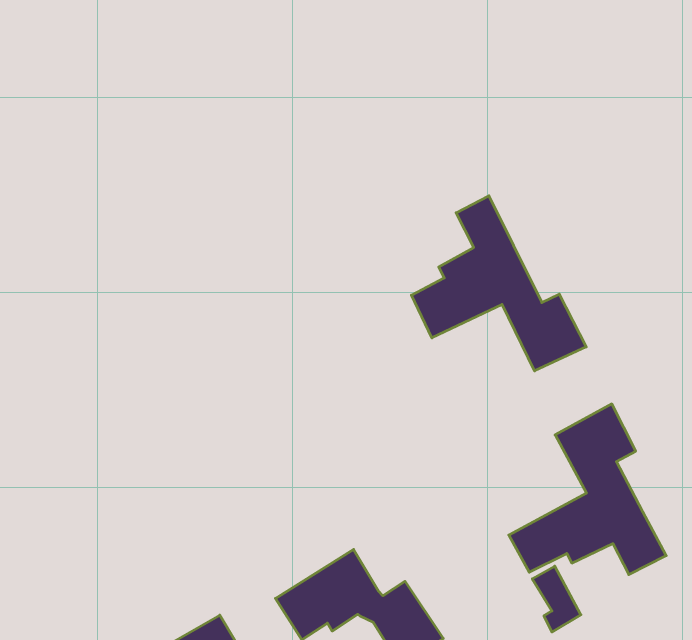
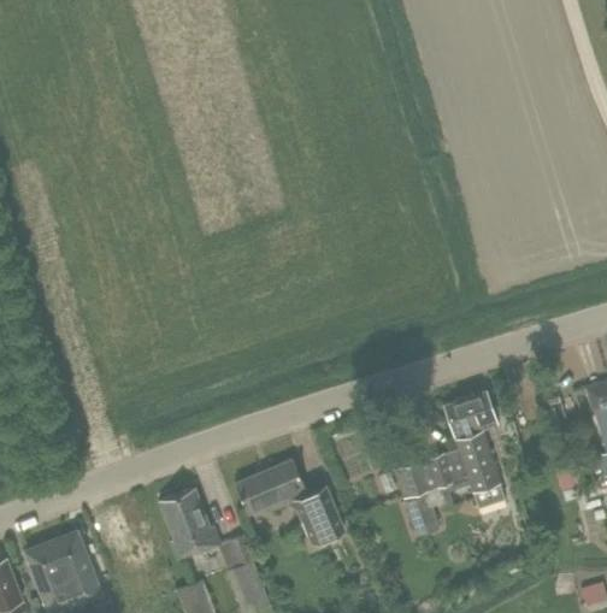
building: [411,196,586,371] -> none

